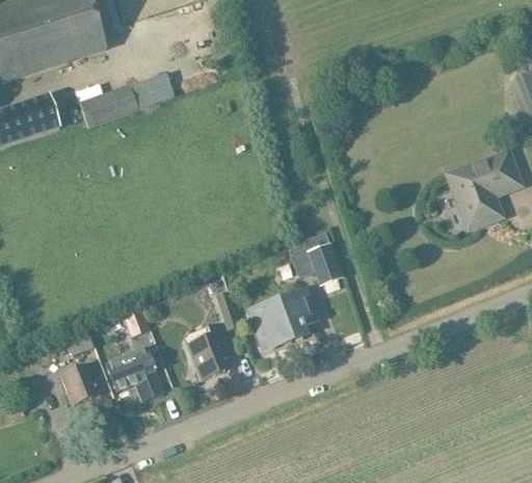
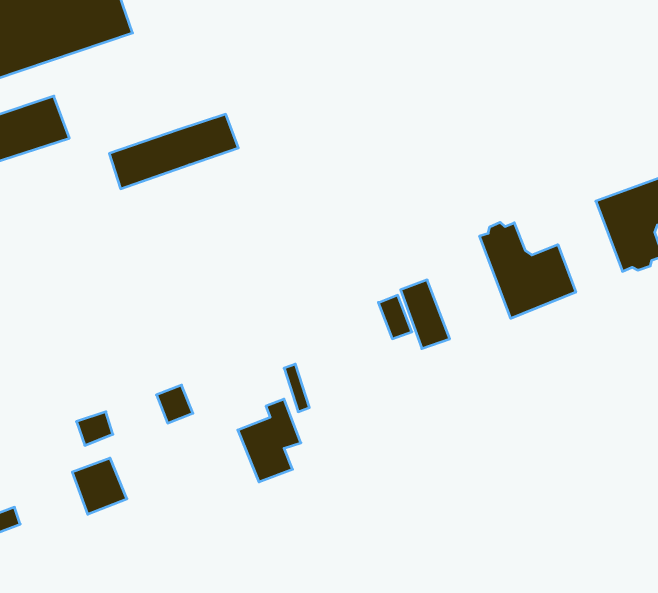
building: [79,71,175,126] -> [109,114,238,189]
building: none -> [480,222,576,318]
building: [249,291,314,340] -> none
building: [104,347,161,398] -> none

